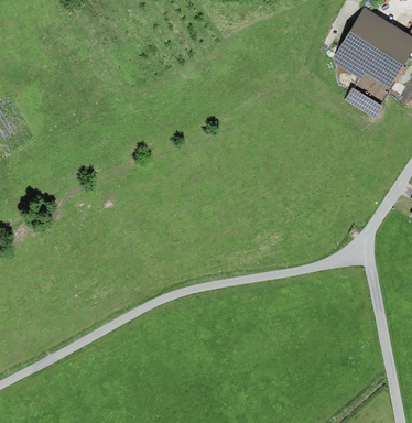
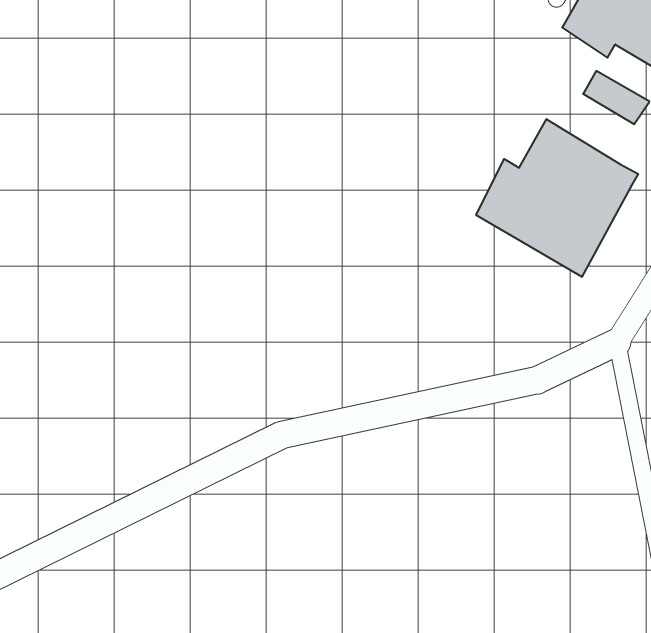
building: none -> [476,119,638,277]

